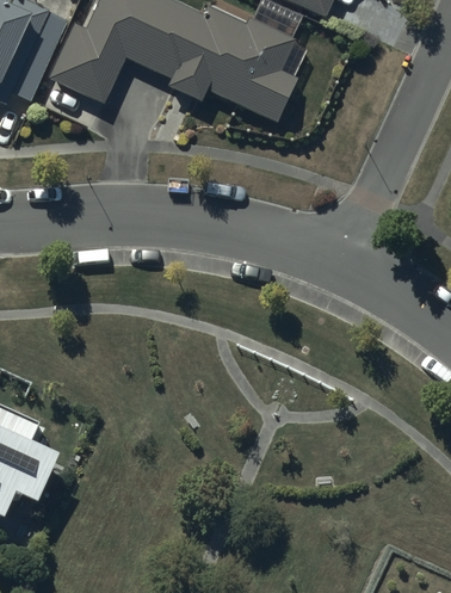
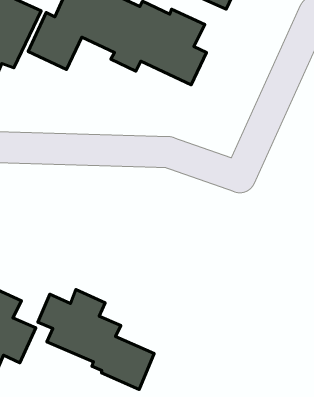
building: none -> [38,290,154,390]

